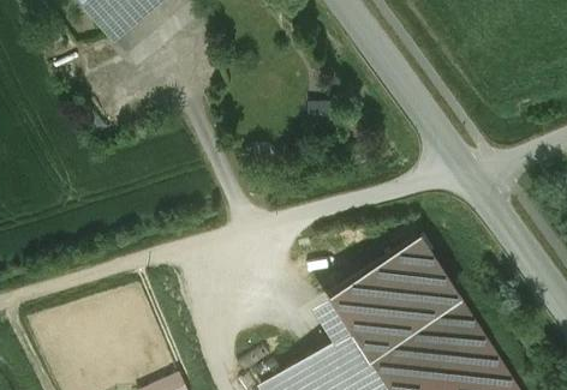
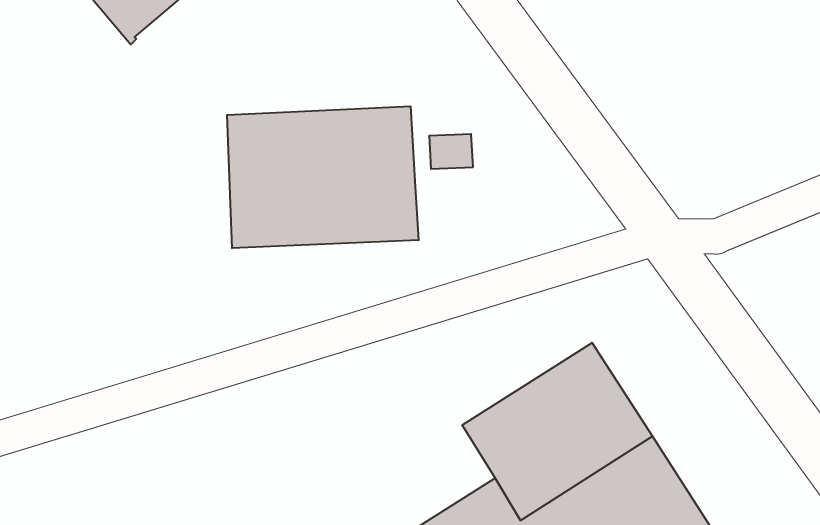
building: none -> [227,106,419,248]

